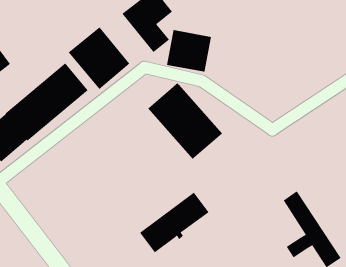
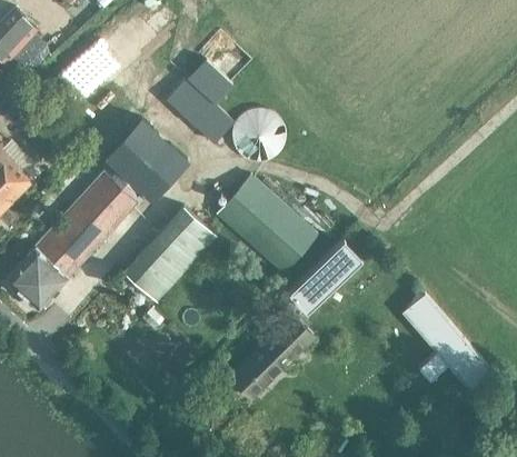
building: none -> [123,207,217,304]
building: none -> [287,241,362,315]

